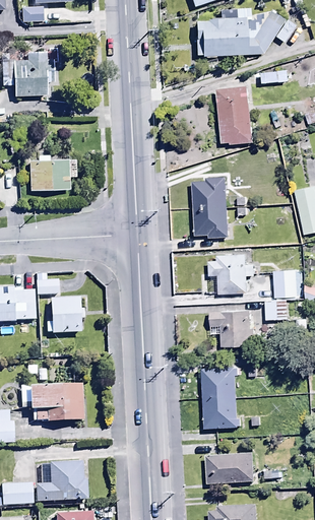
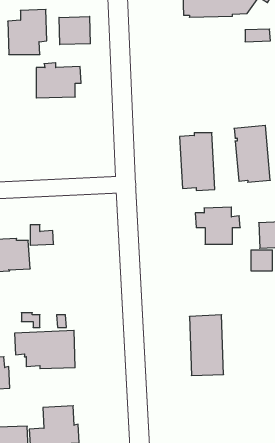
building: none -> [59,16,90,45]
building: [215,85,253,144] -> [234,125,270,182]
building: [28,154,75,191] -> [36,63,81,98]
building: [45,297,80,333] -> none
building: [209,311,254,346] -> none
building: [205,453,253,483] -> none

